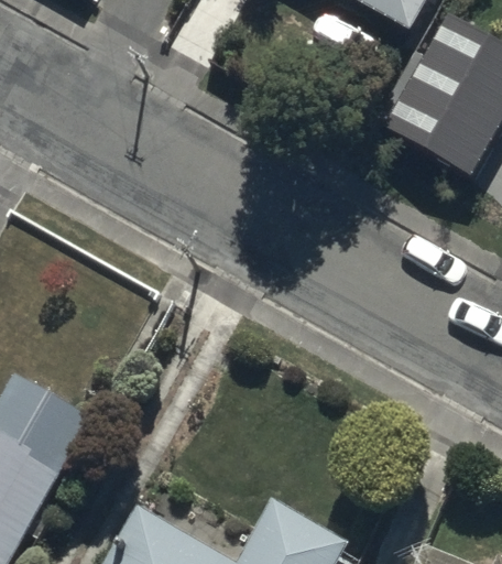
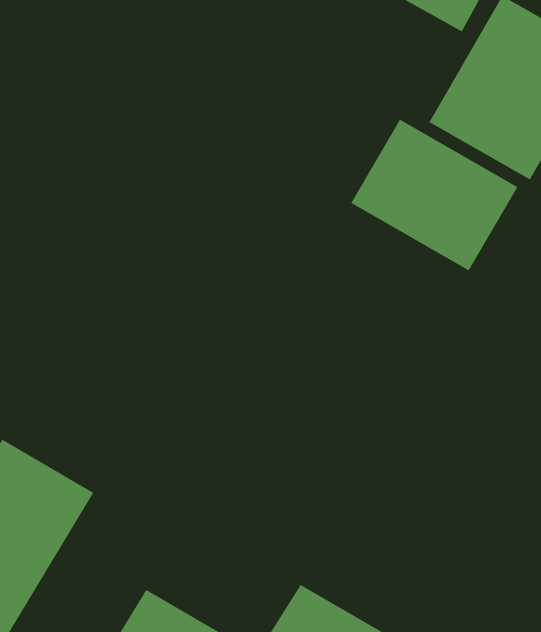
building: none -> [351,119,518,271]

